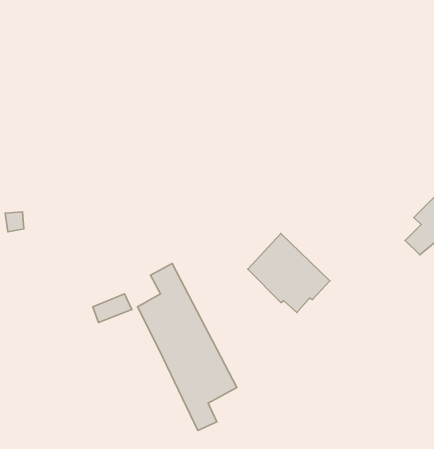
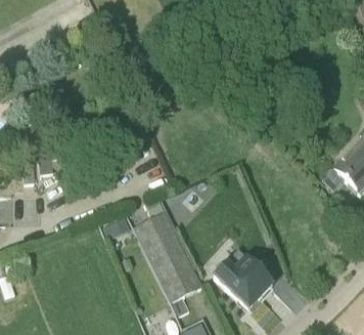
building: [248,233,330,313] -> [213,249,271,305]

